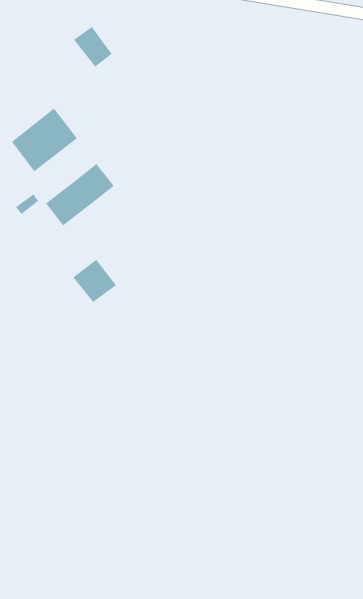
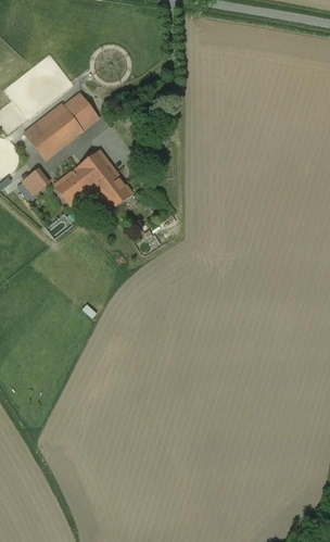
building: [73,26,112,68] -> [64,93,98,129]
building: [73,259,117,303] -> [93,171,131,209]

